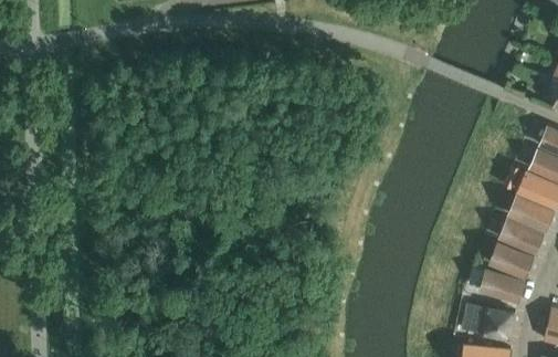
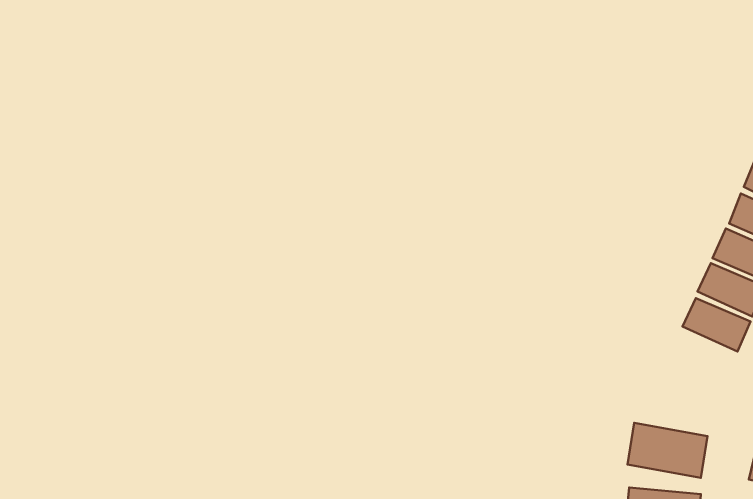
building: [488,242,533,276] -> none
building: [480,269,524,301] -> none

